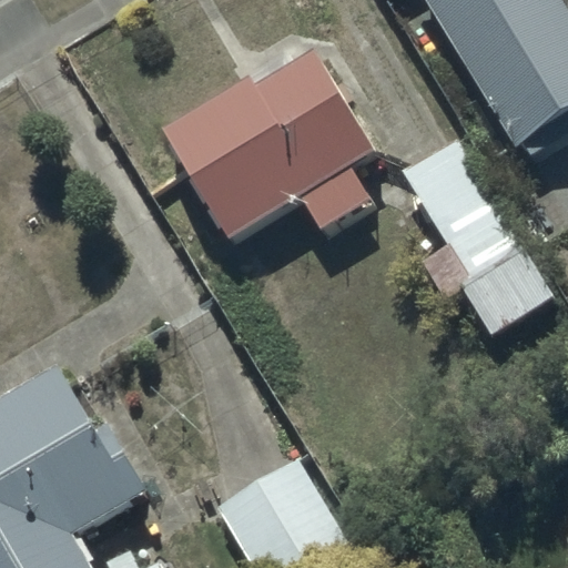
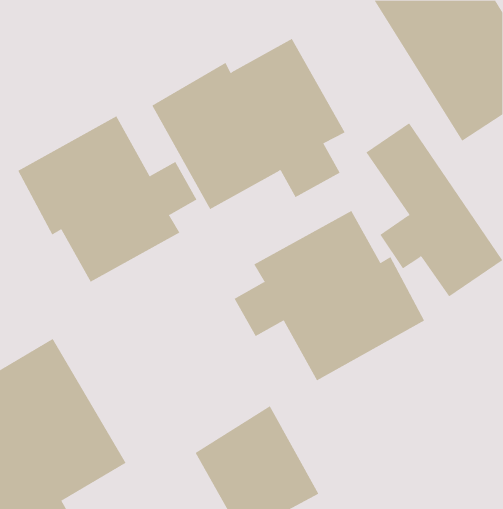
building: none -> [18,116,197,282]
building: none -> [234,210,425,381]

